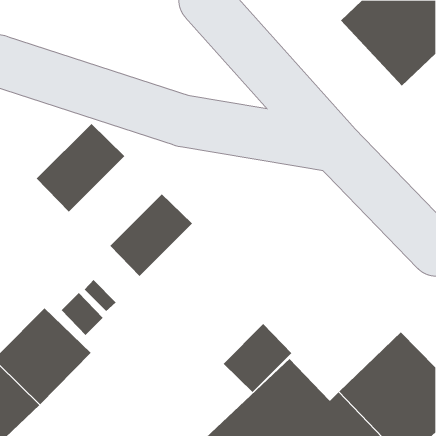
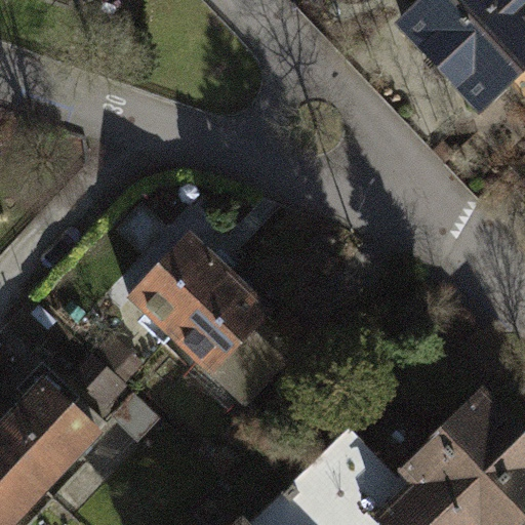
building: [36,123,125,212] -> none
building: none -> [167,270,283,404]
building: [223,323,292,393] -> none

